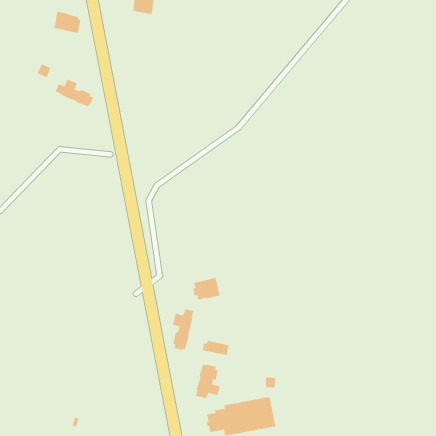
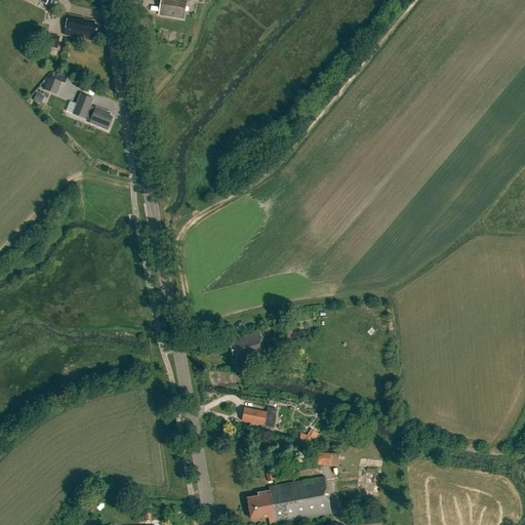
building: [172,309,194,350] -> none
building: [196,364,221,399] -> none

